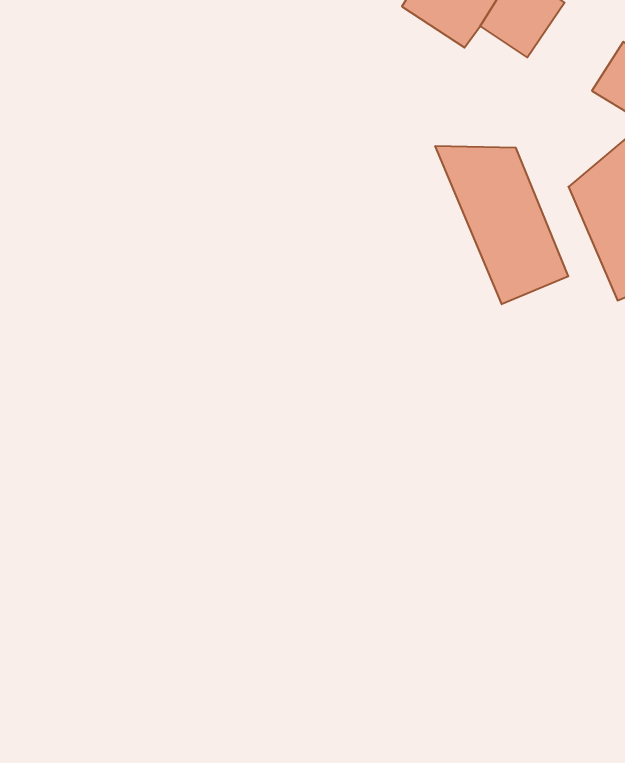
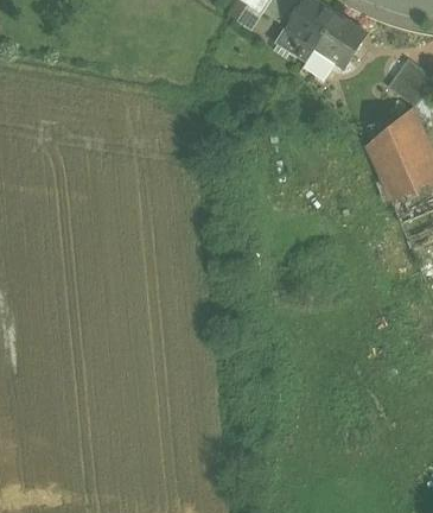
building: [435,146,568,304] -> none

